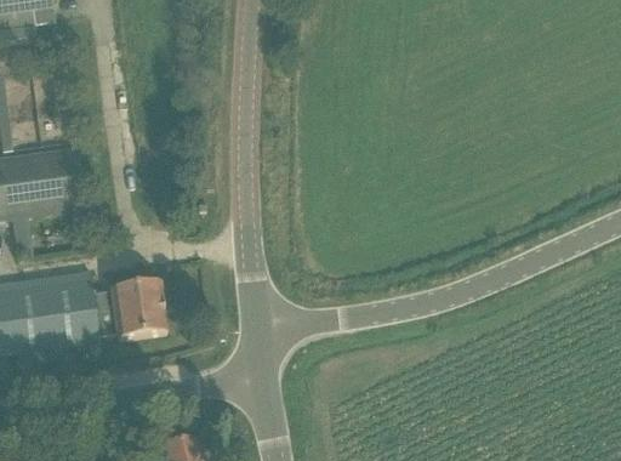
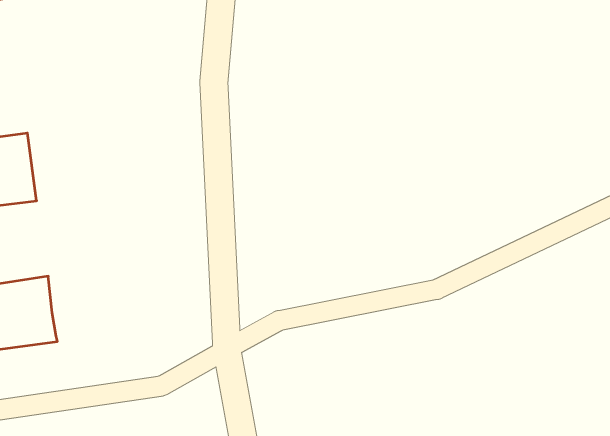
building: [86,278,156,332] -> none

